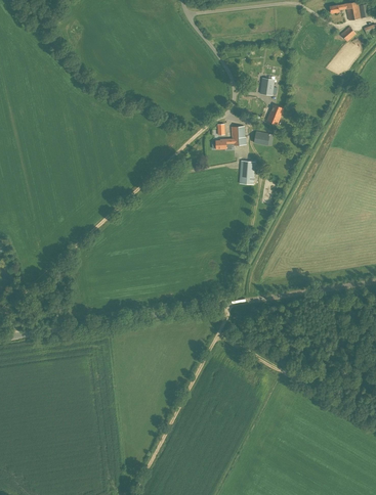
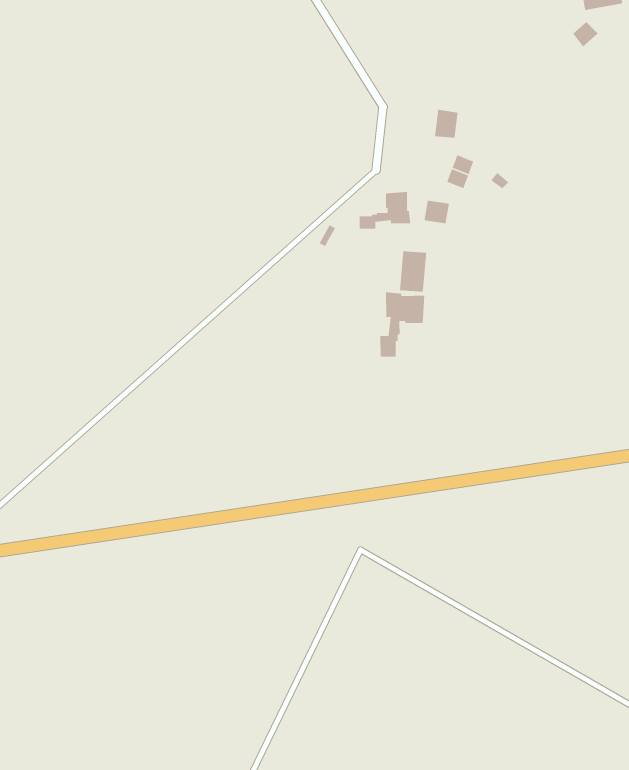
building: none -> [379,291,425,357]

